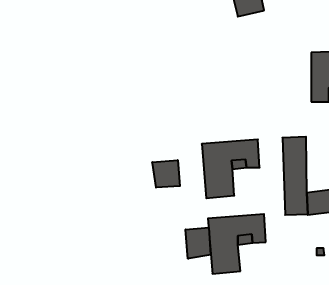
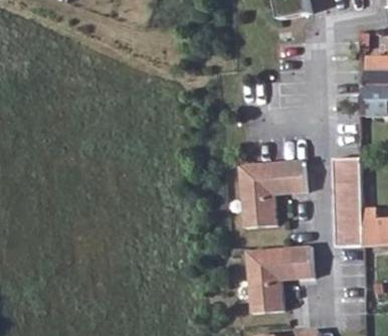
building: [152,160,180,188] -> none
building: [186,227,211,259] -> none

